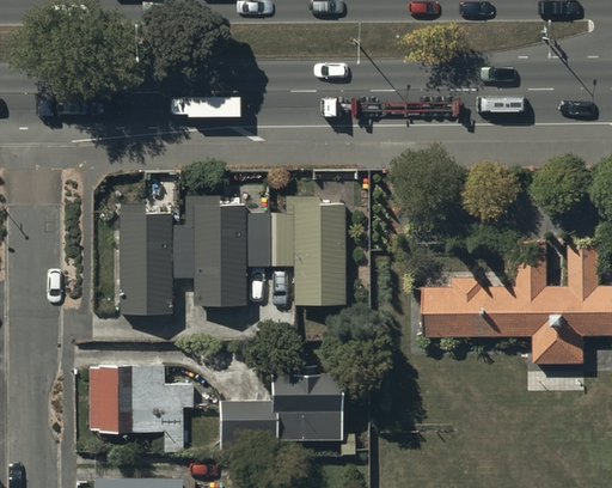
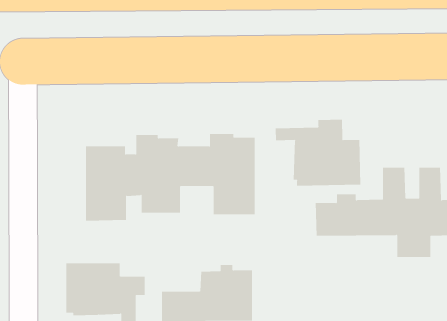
building: none -> [275,119,361,186]

